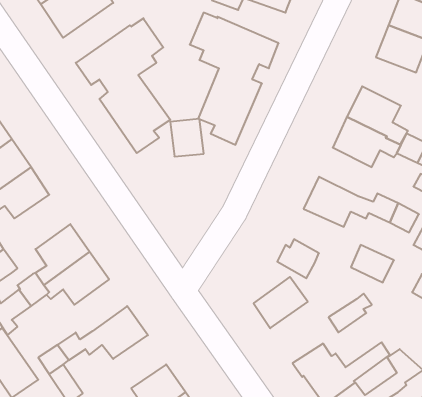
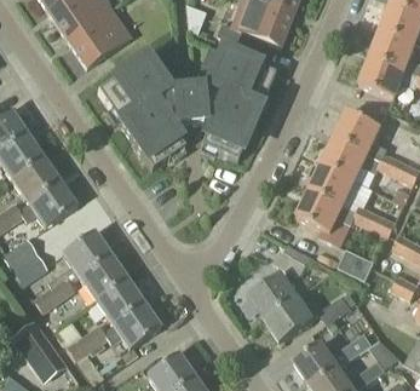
building: [170,119,204,156] -> [174,91,203,123]
building: none -> [310,163,356,206]
building: none -> [97,278,143,323]
building: none -> [267,298,315,343]

